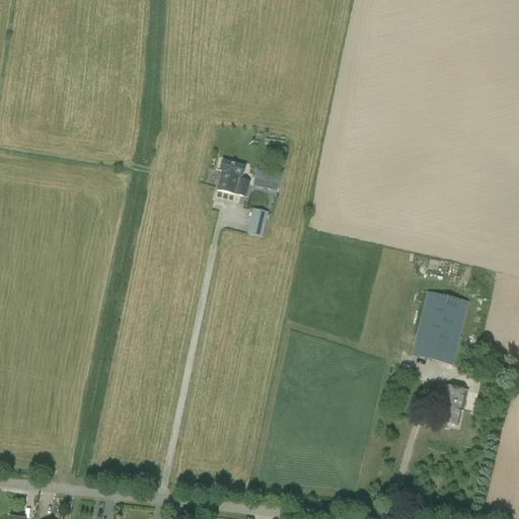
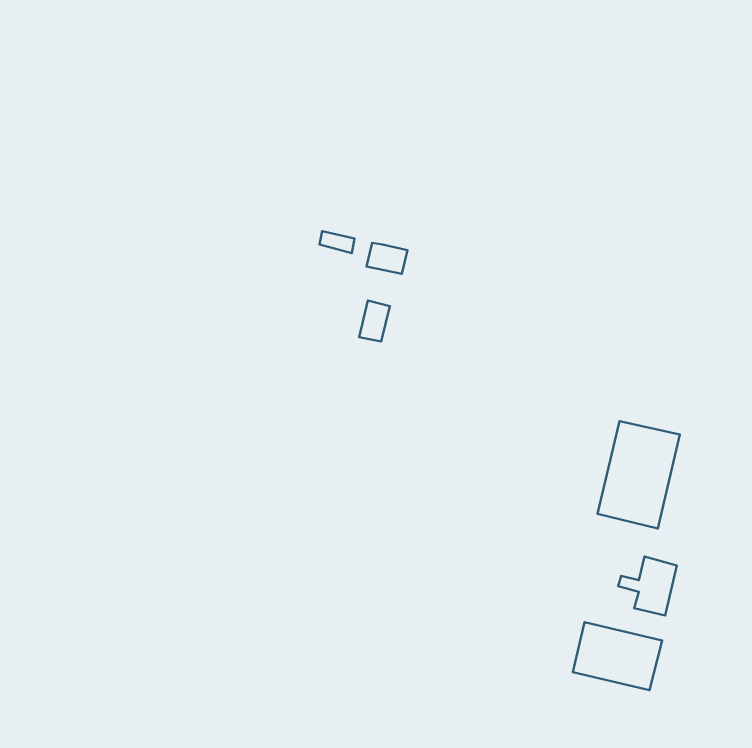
building: [216,170,250,196] -> none
building: none -> [573,622,662,690]

